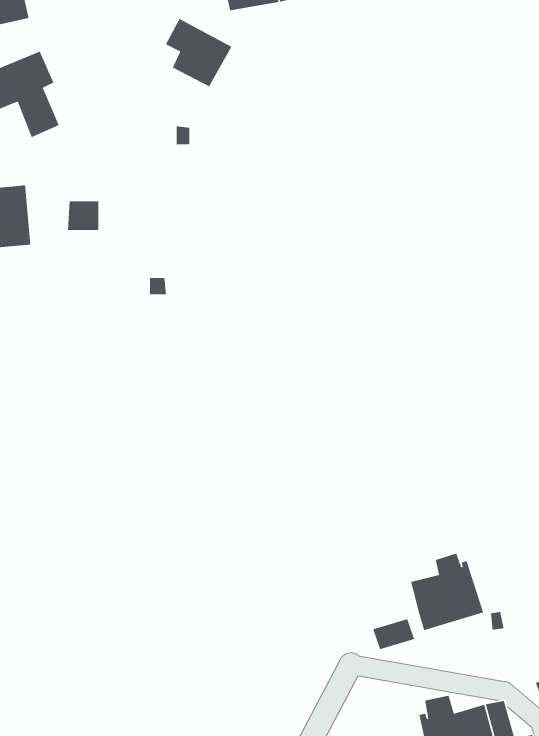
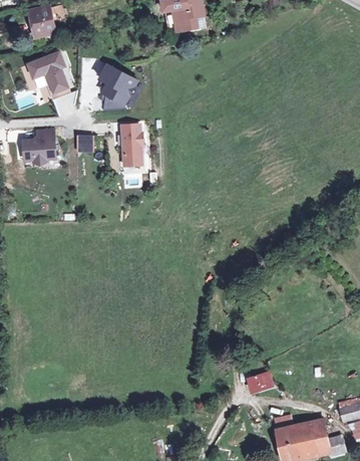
building: [165,18,233,87] -> [98,65,136,104]
building: none -> [122,129,147,172]
building: [410,553,484,631] -> none

